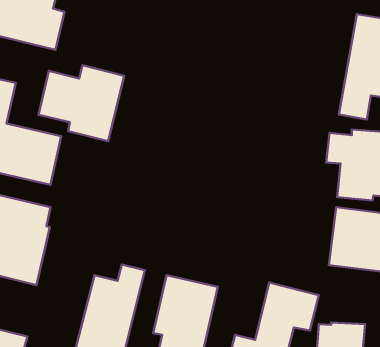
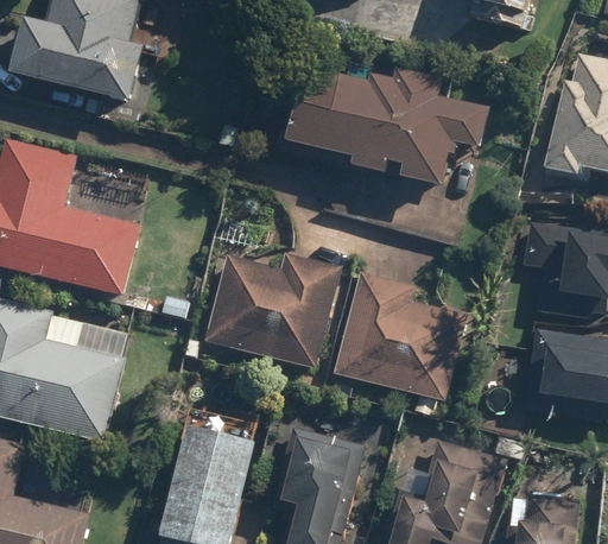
building: none -> [261,65,490,188]
building: [38,65,124,141] -> none
building: none -> [202,251,344,369]
building: none -> [335,271,466,412]

